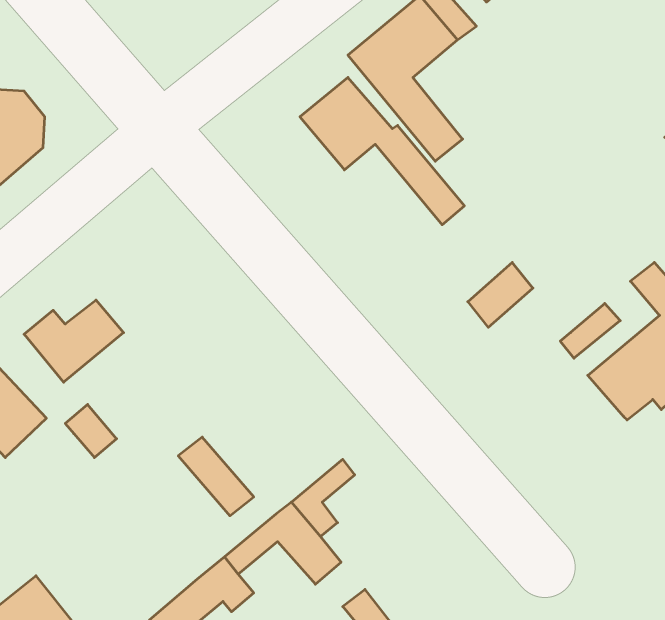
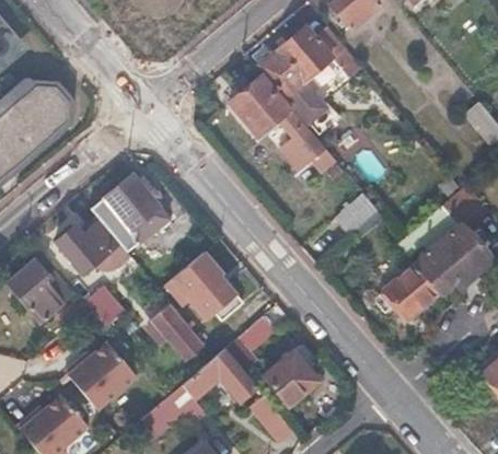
building: none -> [91,173,167,249]
building: none -> [164,249,239,321]
building: none -> [386,267,438,321]
building: none -> [69,341,137,409]
building: none -> [263,351,317,405]

